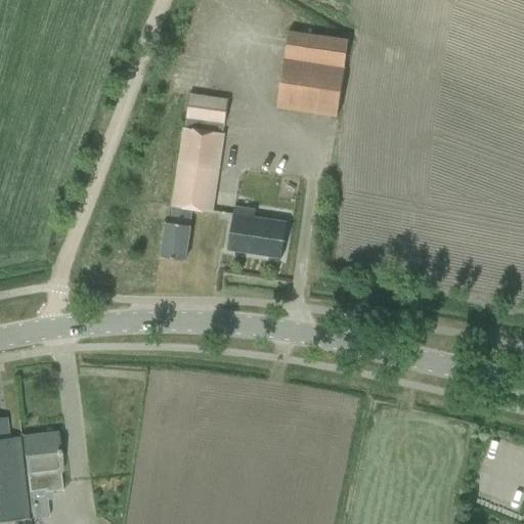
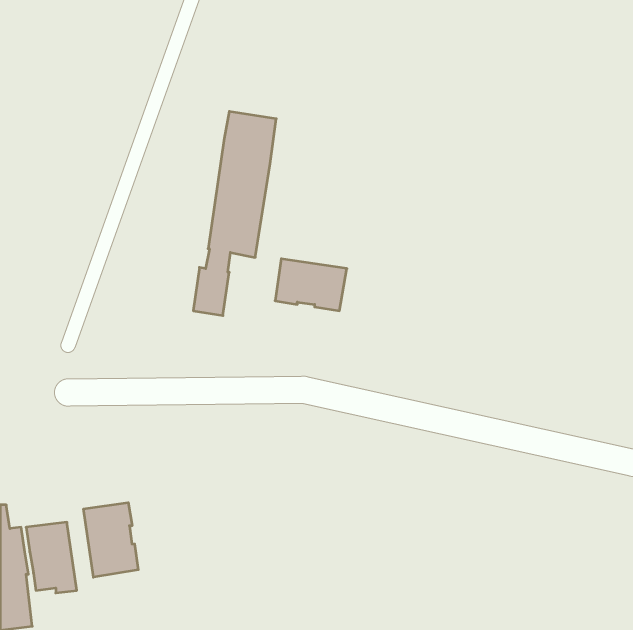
building: [276,31,348,116] -> none
building: none -> [84,503,138,577]

